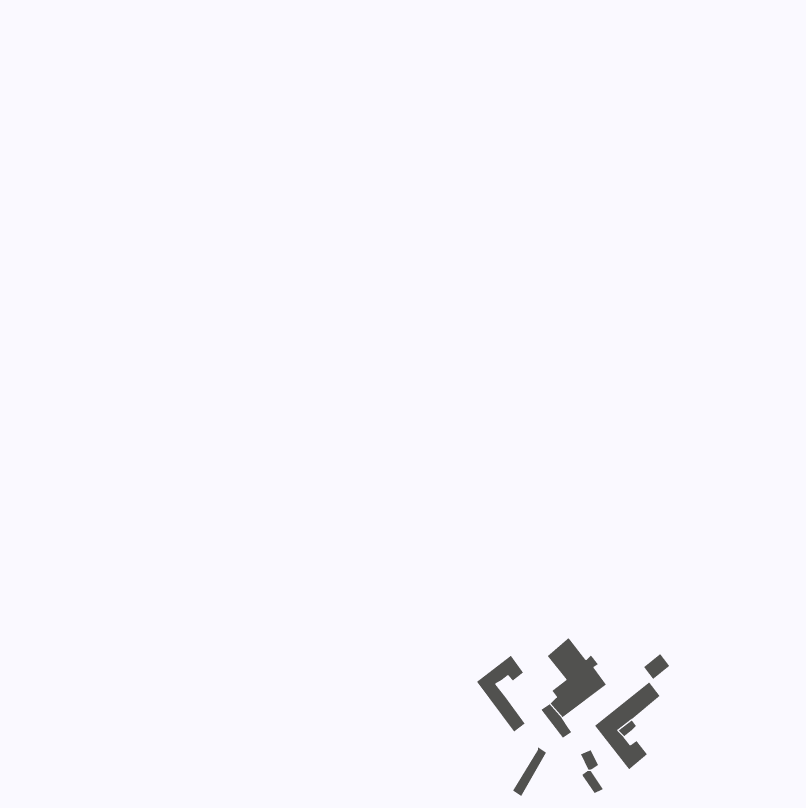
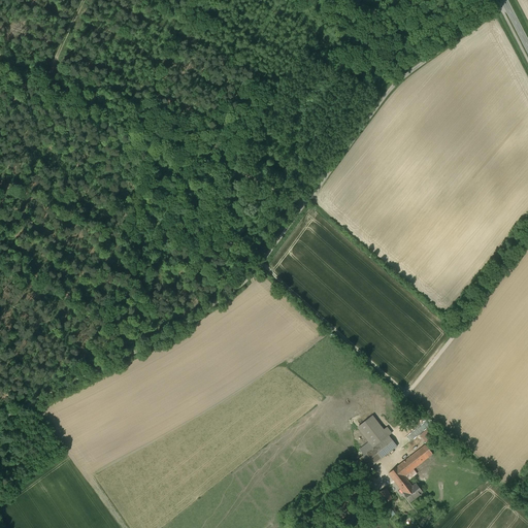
building: [476,655,525,733] -> none

